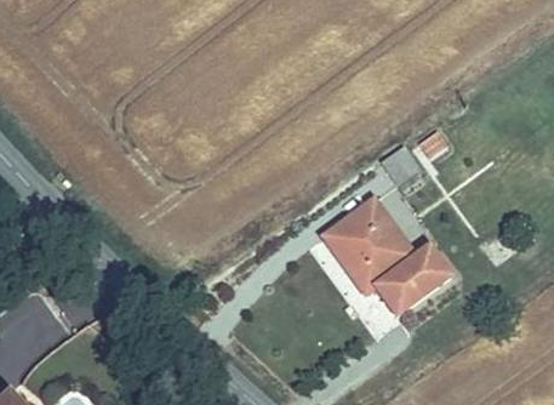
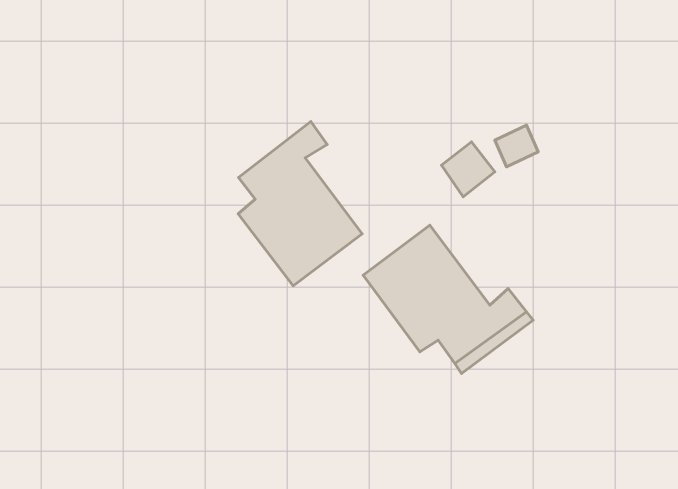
building: none -> [238,121,362,286]

